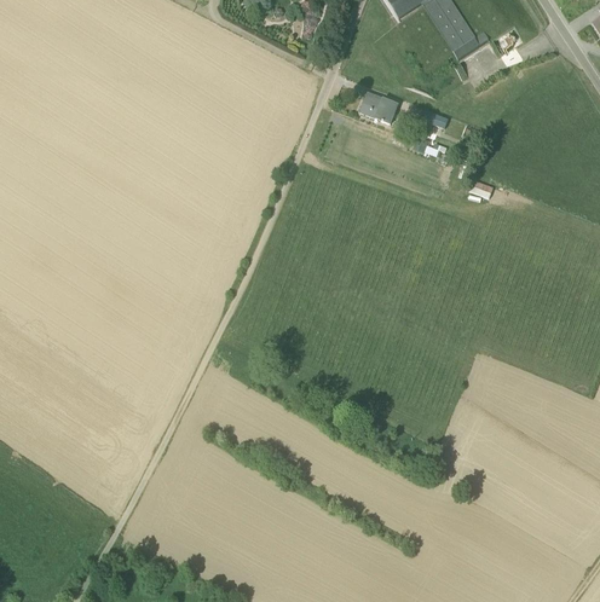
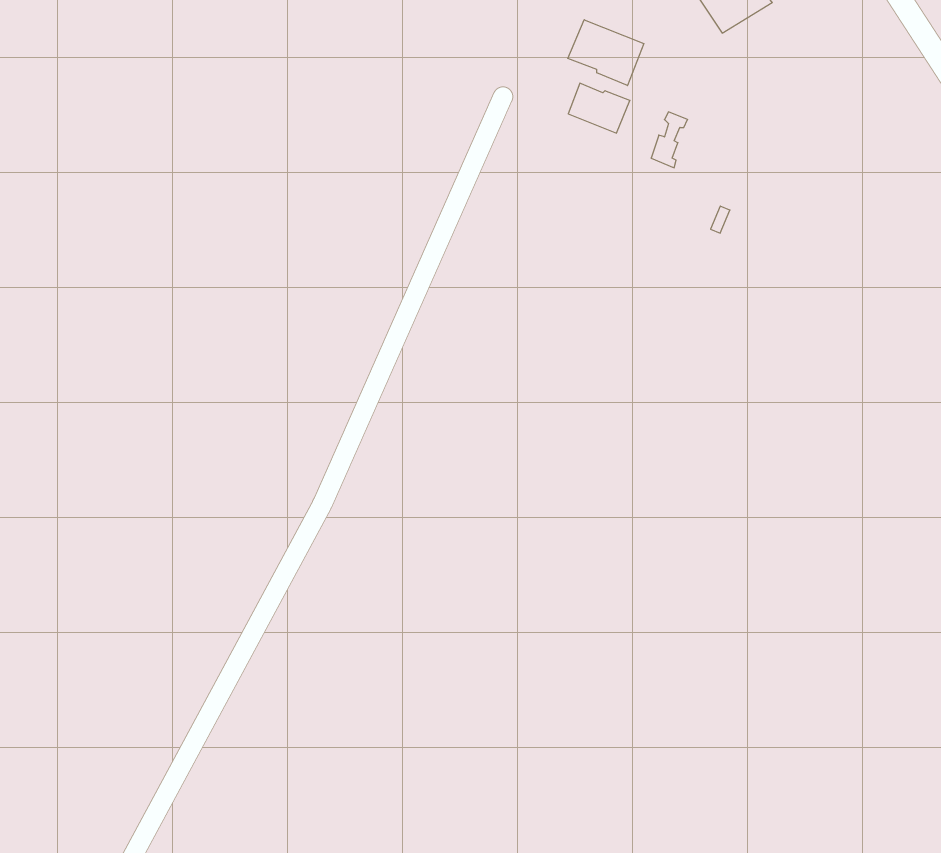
building: none -> [568,20,644,86]

